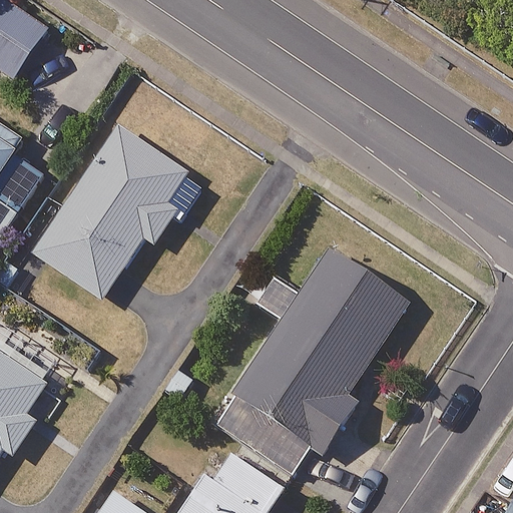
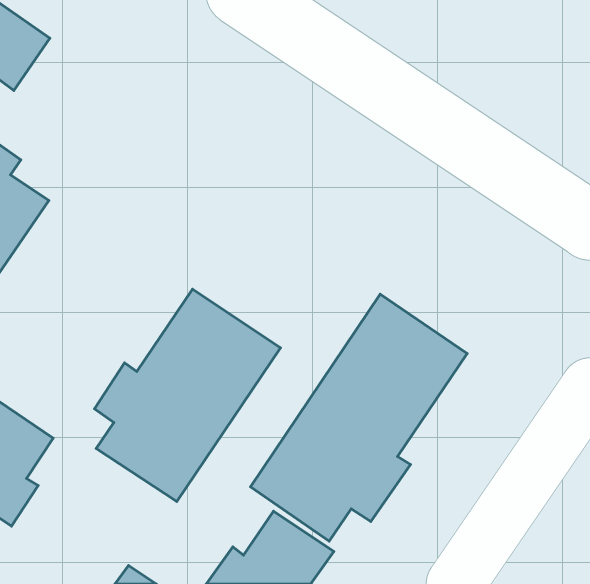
building: [32,126,201,299] -> none
building: none -> [94,289,280,502]

